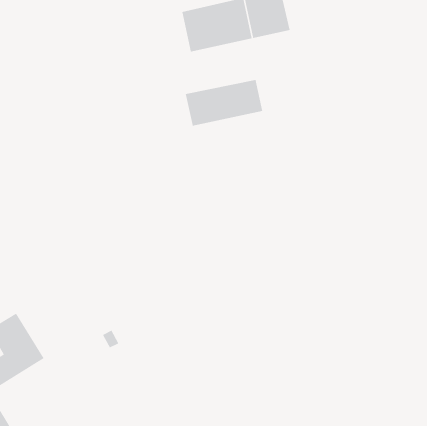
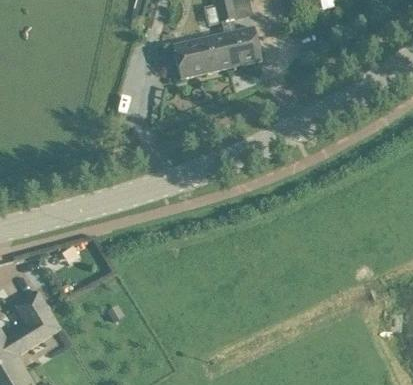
building: [185,79,263,127] -> none

